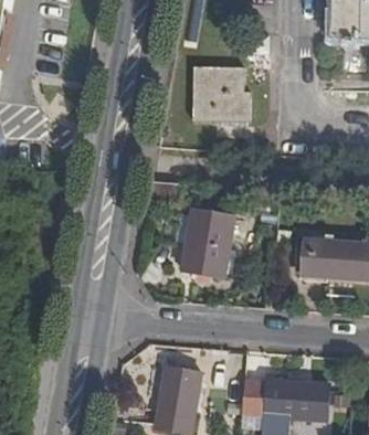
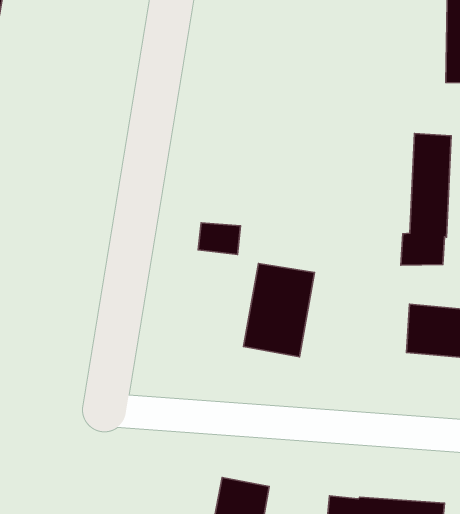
building: [190,65,245,120] -> none
building: none -> [401,133,451,265]

